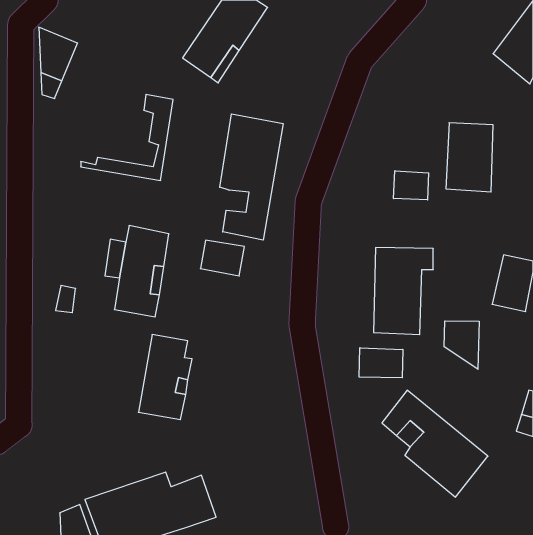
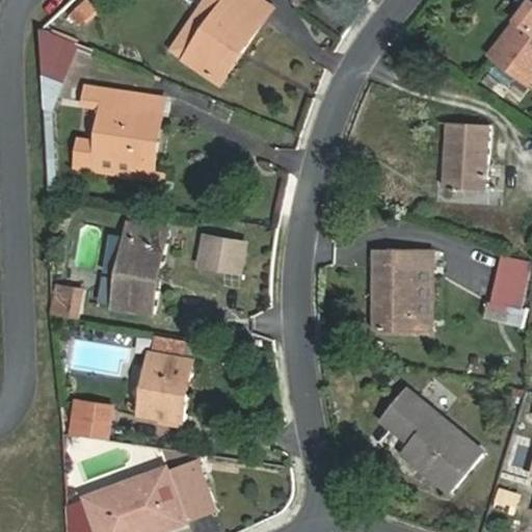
building: none -> [80,85,157,166]
building: [220,114,283,240] -> none
building: [394,171,429,200] -> none
building: [444,321,479,369] -> none
building: [359,348,403,378] -> none
building: none -> [66,400,97,438]

